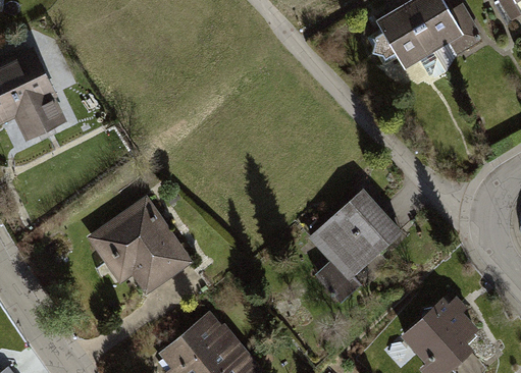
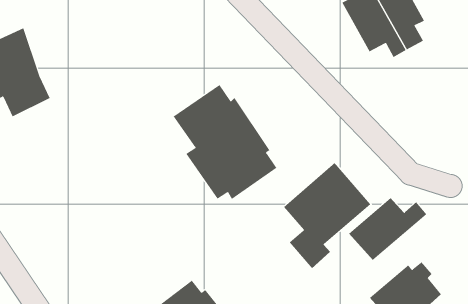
building: none -> [173,84,277,200]
building: [89,199,193,295] -> none
building: none -> [348,197,427,261]

